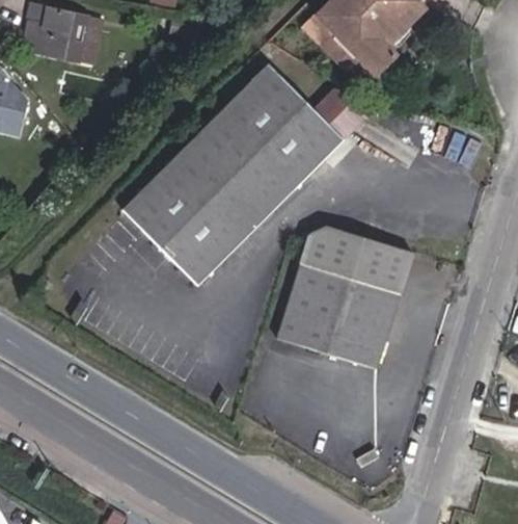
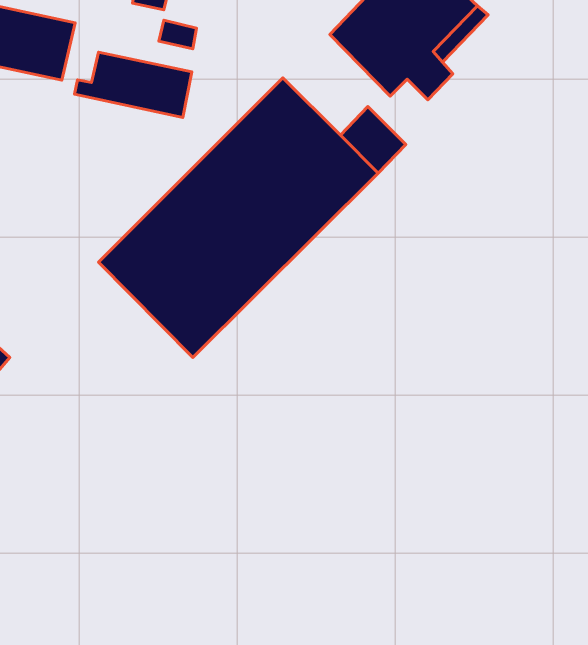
building: none -> [74,52,192,117]
building: [275,225,413,368] -> none

